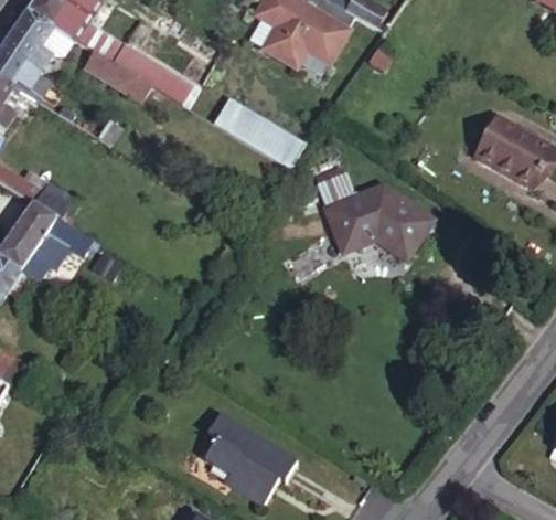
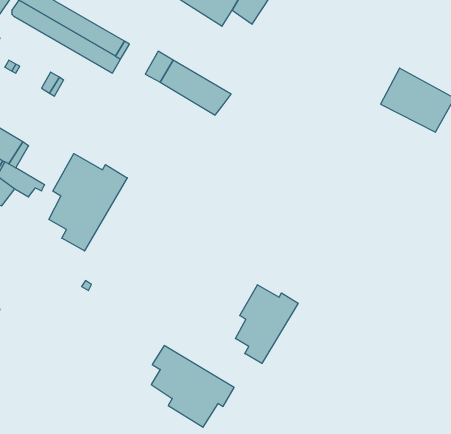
building: [330,172,439,256] -> none
building: none -> [49,154,127,251]
building: none -> [235,285,298,363]

